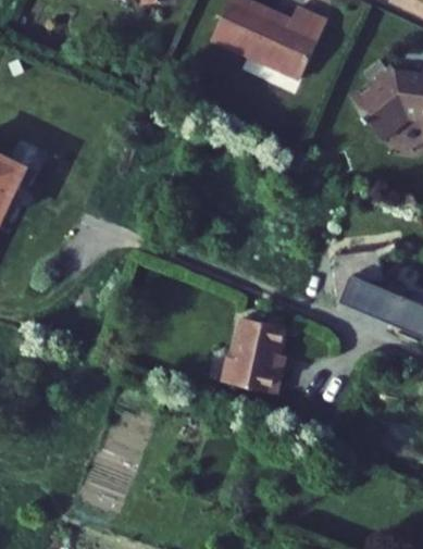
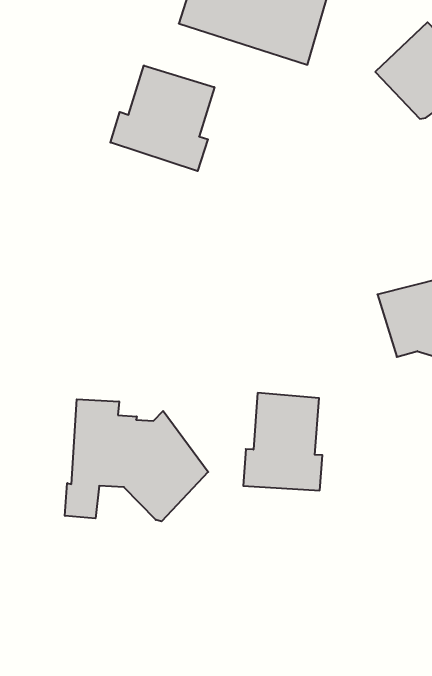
building: none -> [110,65,214,171]
building: none -> [65,399,208,521]

